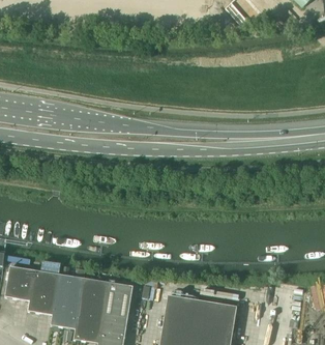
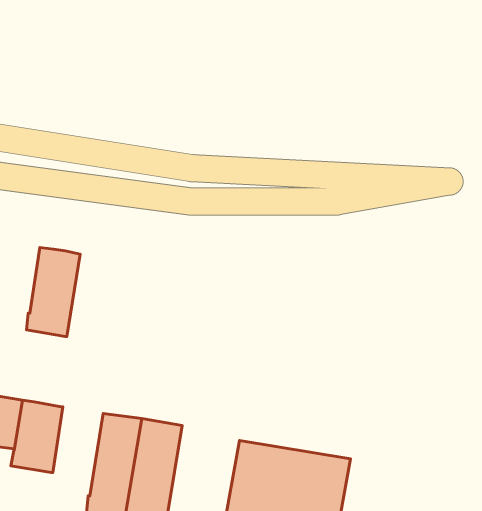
building: [51,275,84,329] -> [27,247,80,337]

